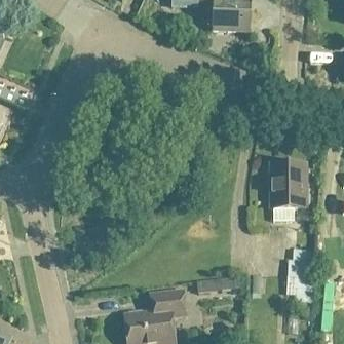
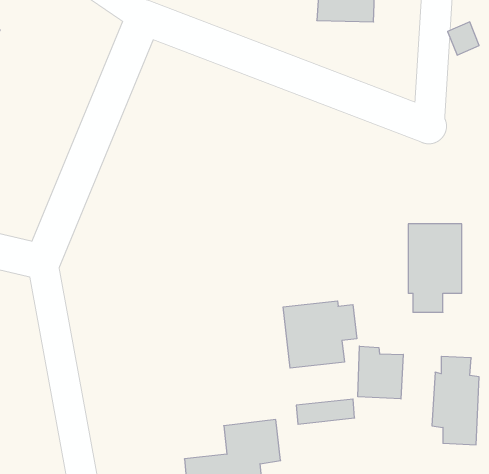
building: none -> [283,301,357,368]
building: none -> [358,346,403,399]

